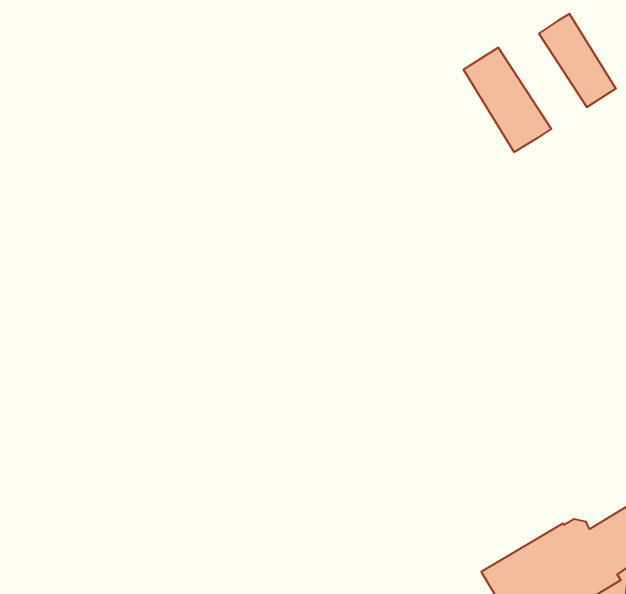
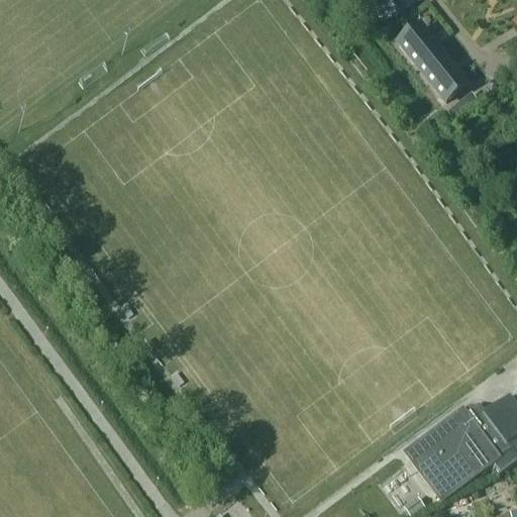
building: [463,47,551,152] -> none

